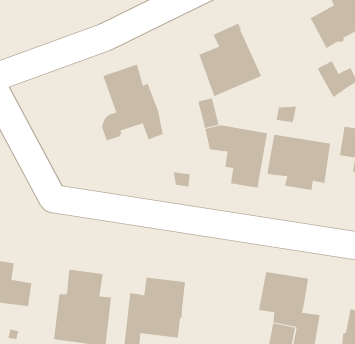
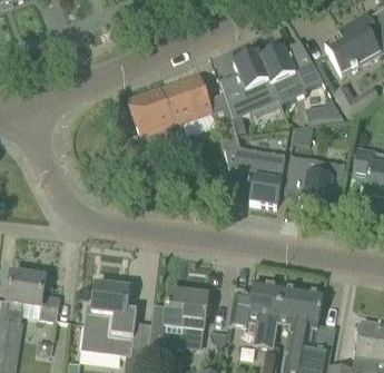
building: none -> [258,39,322,105]
building: none -> [160,76,209,124]
building: none -> [304,98,343,125]
building: none -> [244,279,282,347]

